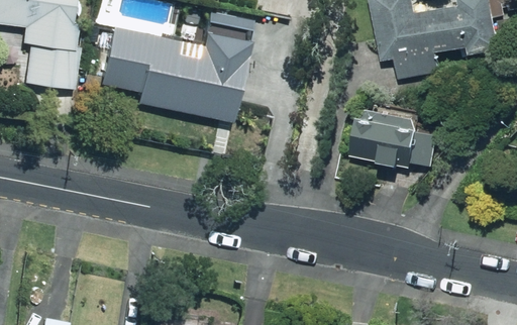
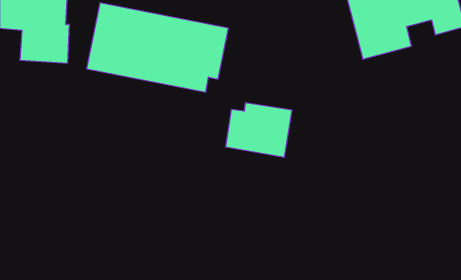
building: [348,109,420,168] -> [225,103,292,157]

